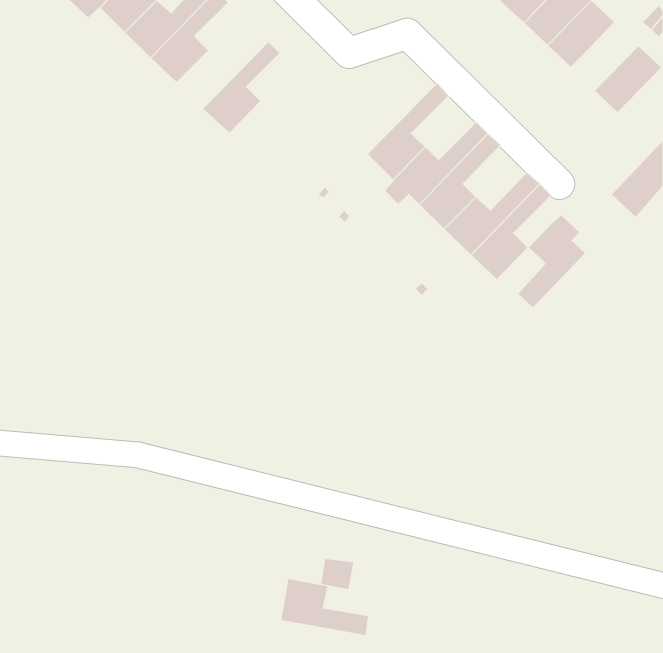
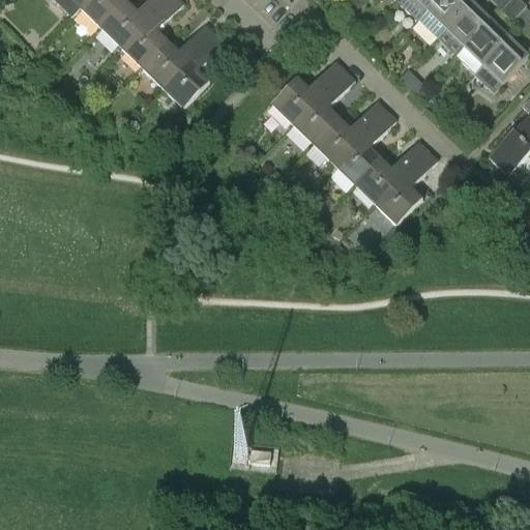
building: none -> [455,18,509,72]
building: none -> [141,23,214,87]
building: none -> [272,57,349,123]
building: [518,215,586,308] -> none
building: [281,578,368,636] -> none

